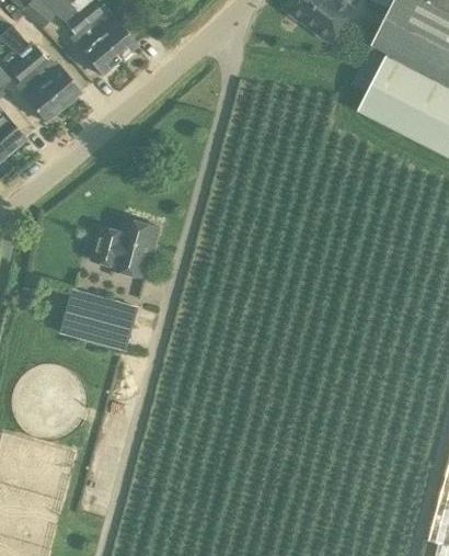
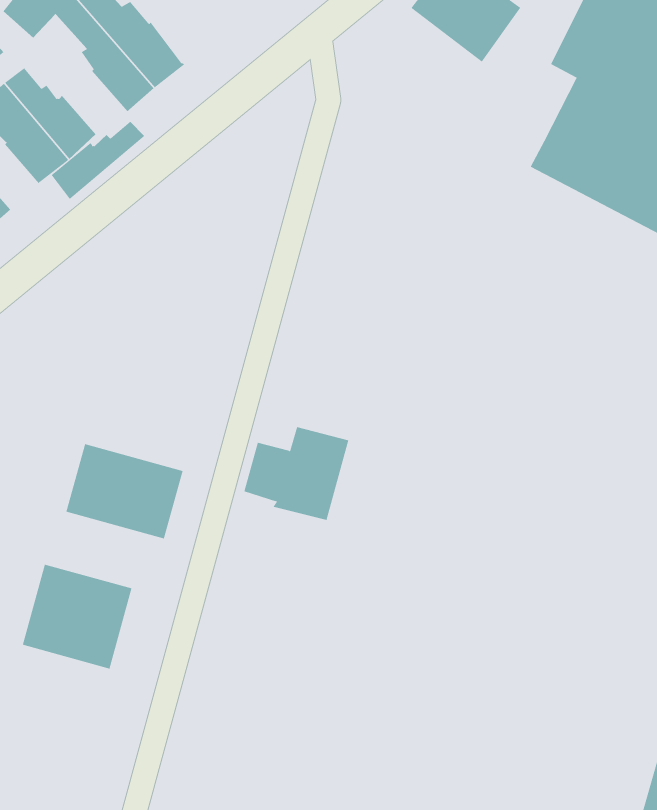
building: none -> [51,121,145,200]
building: [93,217,161,277] -> [243,427,349,521]
building: none -> [22,564,132,669]

